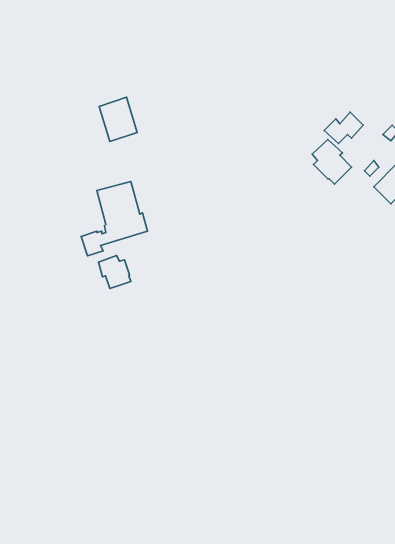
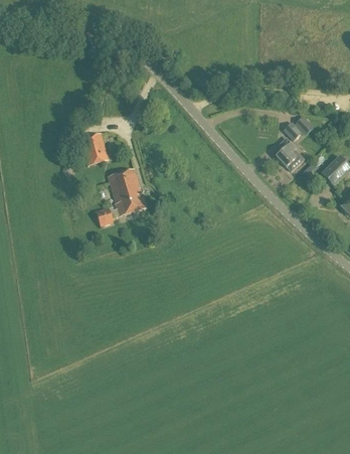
building: [99,97,137,142] -> [79,132,109,166]
building: [98,255,131,288] -> none

